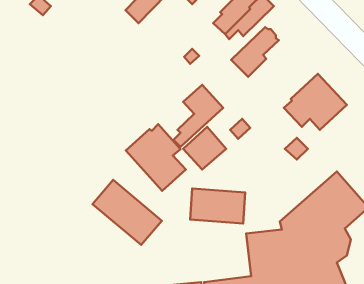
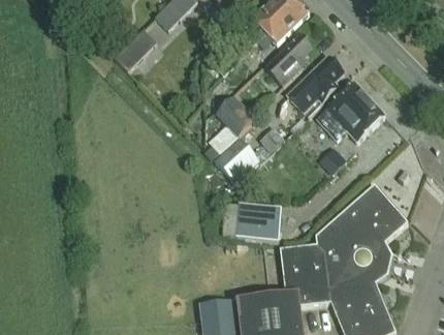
building: none -> [115,28,156,70]
building: none -> [287,56,344,112]
building: [126,124,186,191] -> none
building: [92,180,162,245] -> none

